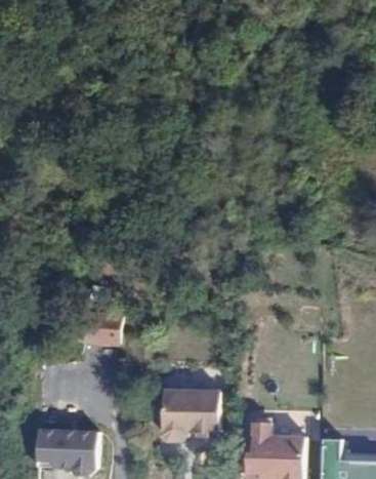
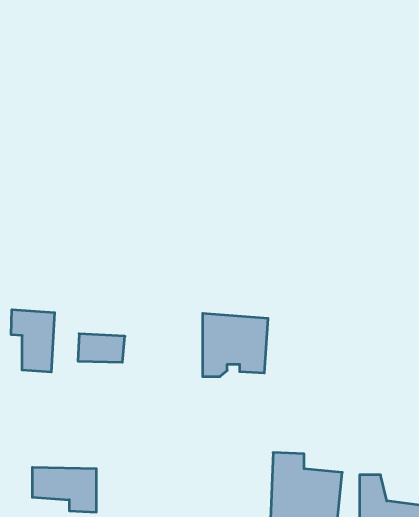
building: none -> [11,310,55,372]
building: [166,392,220,444] -> [203,313,268,377]

